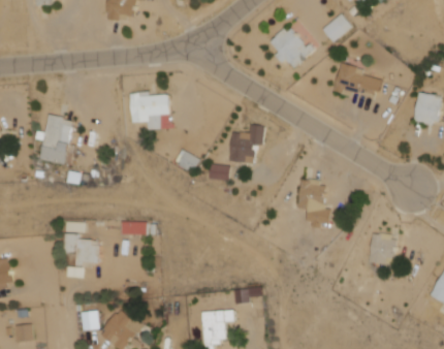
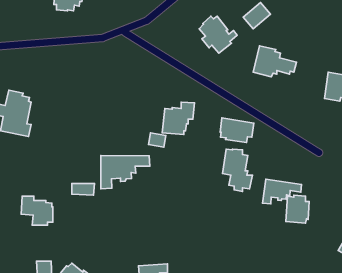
building: [127,91,169,130] -> none
building: none -> [220,118,254,143]
building: none -> [101,156,150,189]
building: none -> [262,179,302,204]

